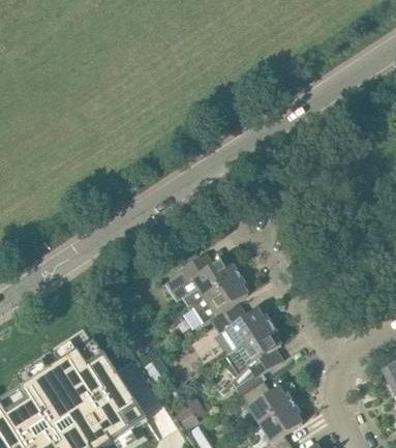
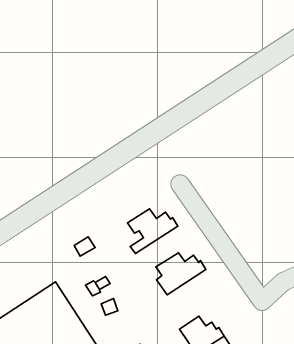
building: [189,274,248,323] -> none
building: [226,325,283,395] -> none

